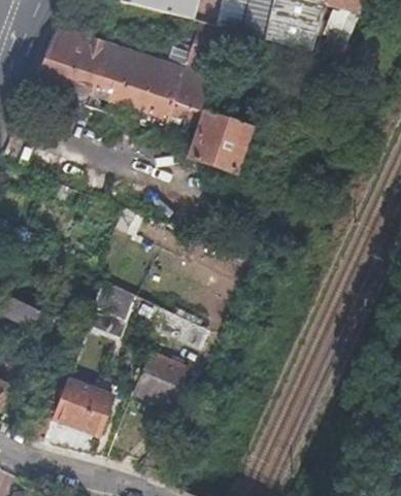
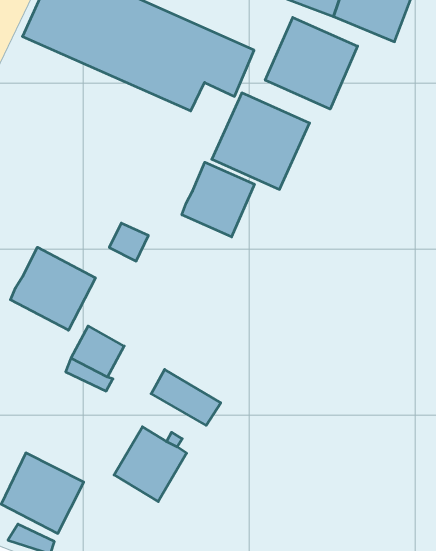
building: none -> [265,17,358,109]
building: none -> [182,162,254,237]
building: none -> [10,247,95,330]

